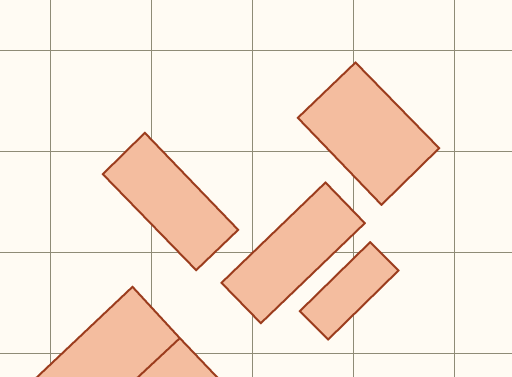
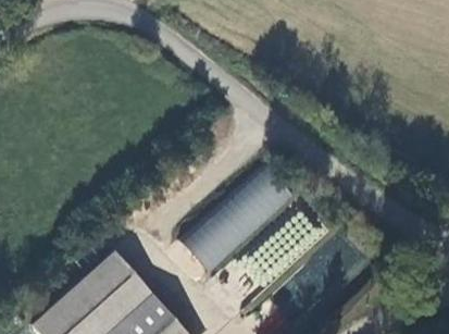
building: [298,63,439,205] -> none
building: [103,133,238,270] -> none

